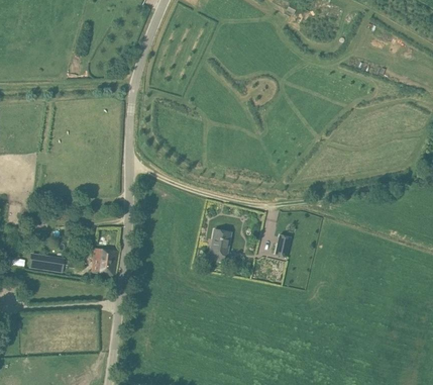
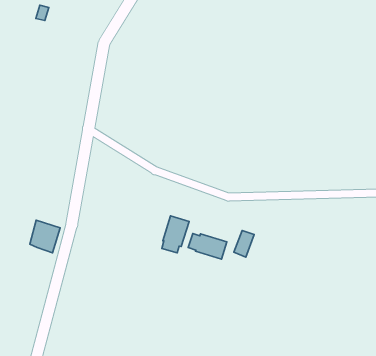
building: none -> [188,234,227,259]

